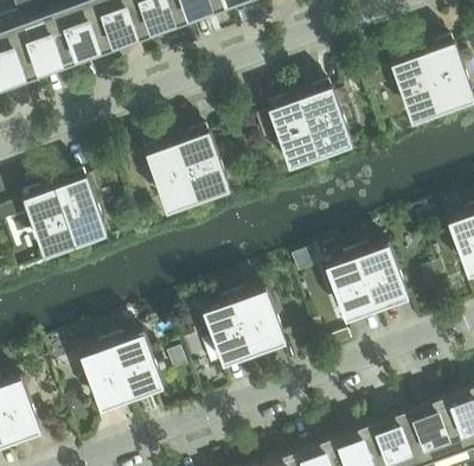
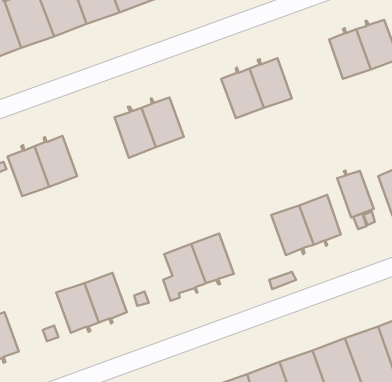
building: none -> [337,171,374,218]

